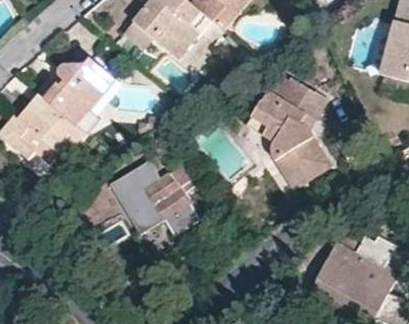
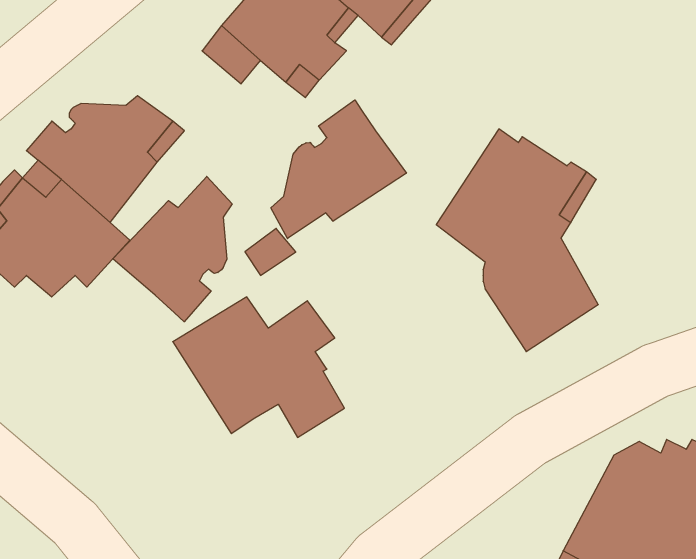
building: none -> [271,100,406,239]
building: none -> [113,176,232,322]

